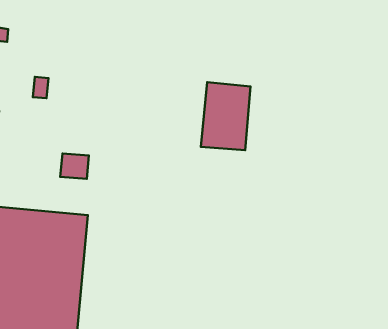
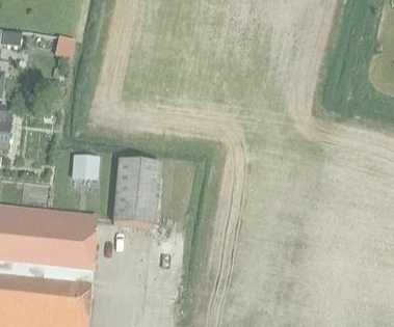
building: [201,82,251,150] -> [112,158,161,224]

